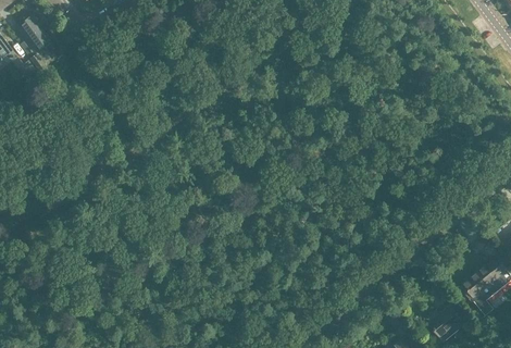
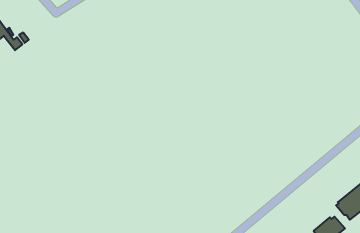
building: [20,15,59,51] -> none

